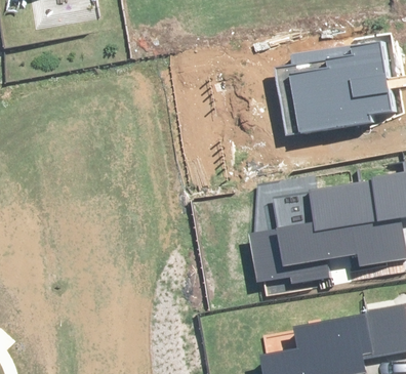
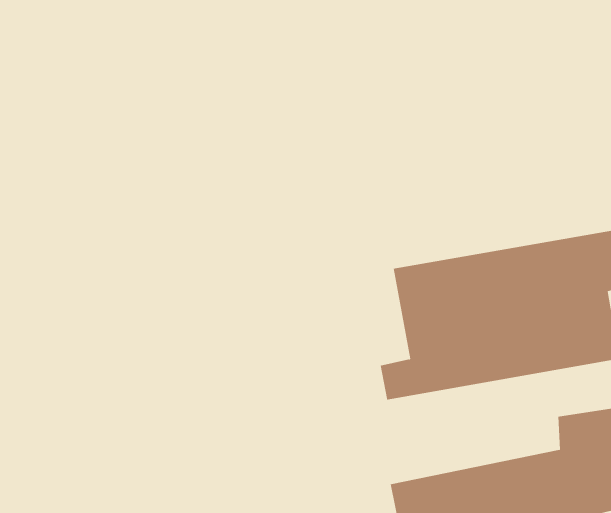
building: [257,47,388,139] -> none

